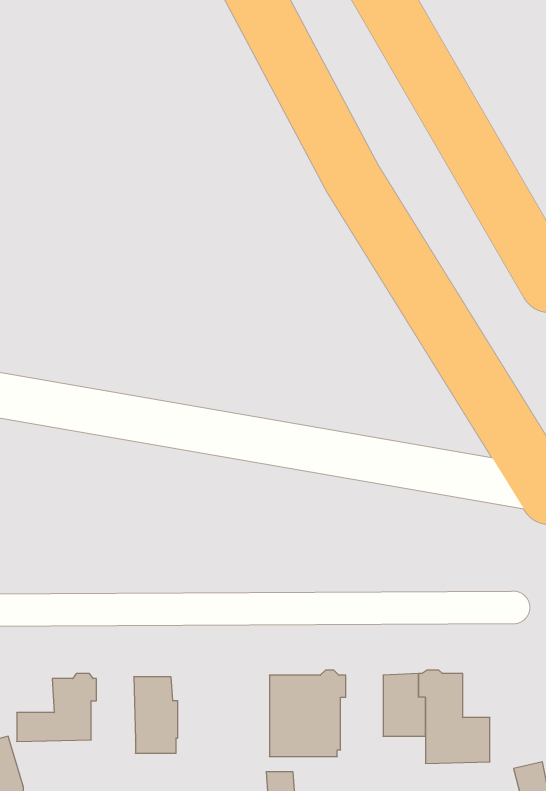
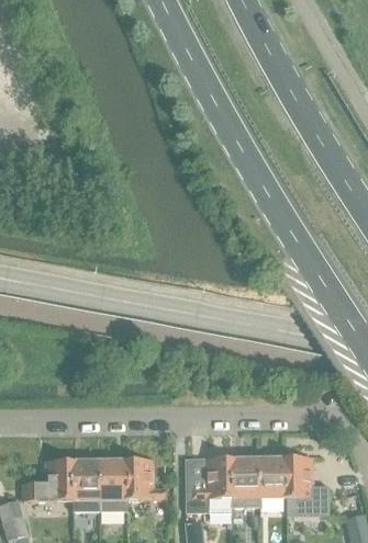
building: none -> [122,456,167,499]
building: none -> [232,459,259,507]
building: none -> [70,460,99,510]

